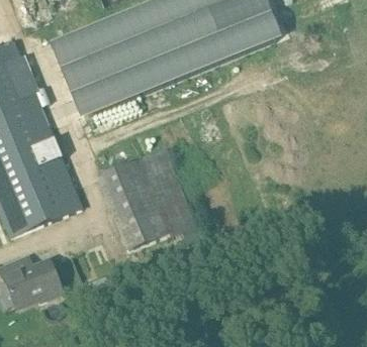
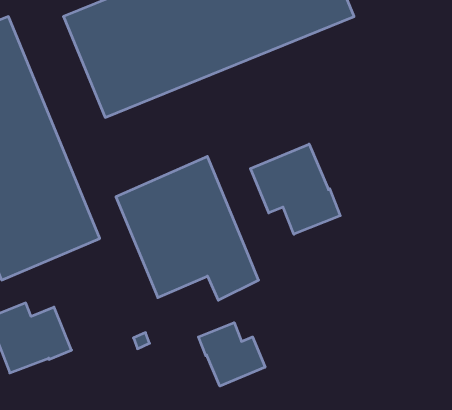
building: none -> [250,144,340,234]
building: none -> [198,323,265,386]

